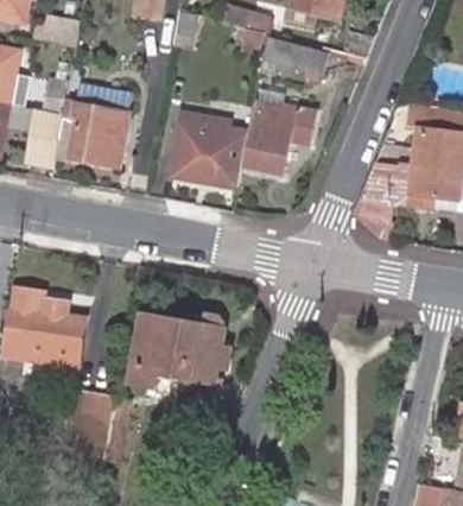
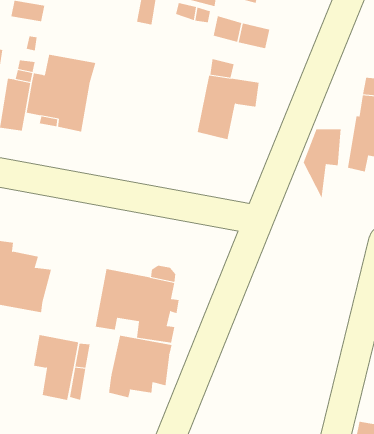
building: [171,110,245,188] -> none
building: none -> [108,335,172,398]

